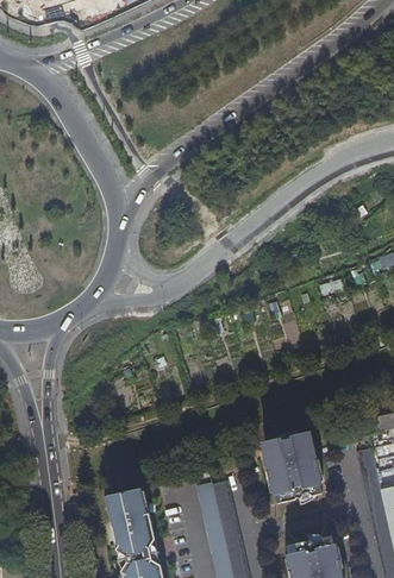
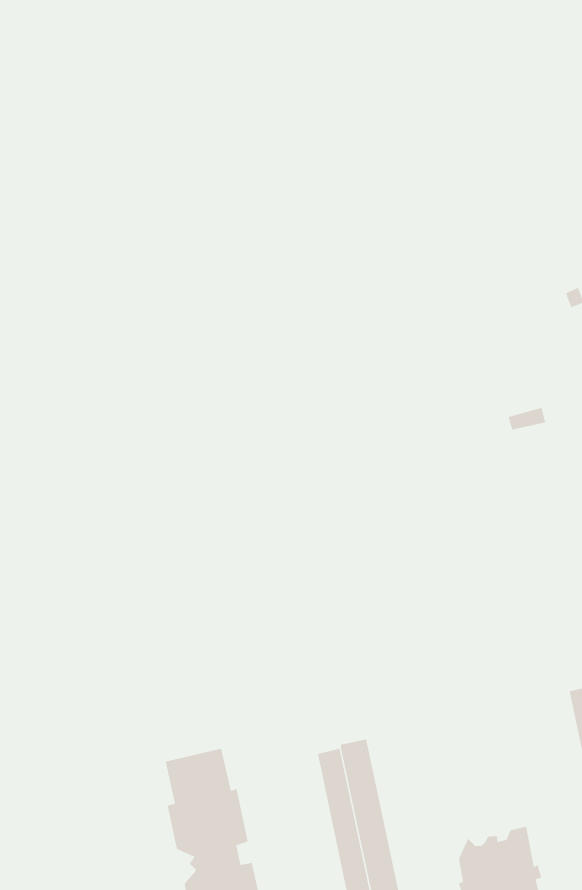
building: [267,435,321,501] -> none

